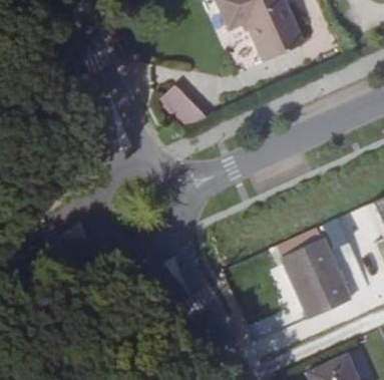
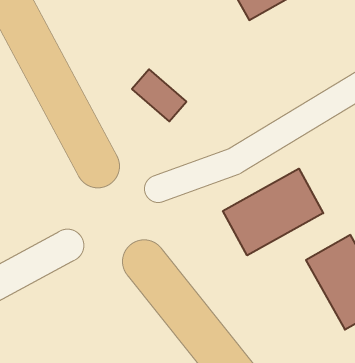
building: none -> [223,169,323,255]

